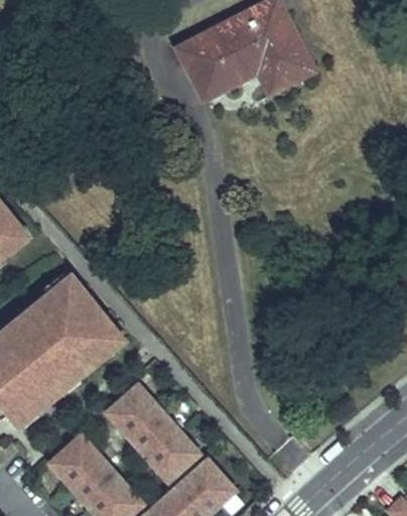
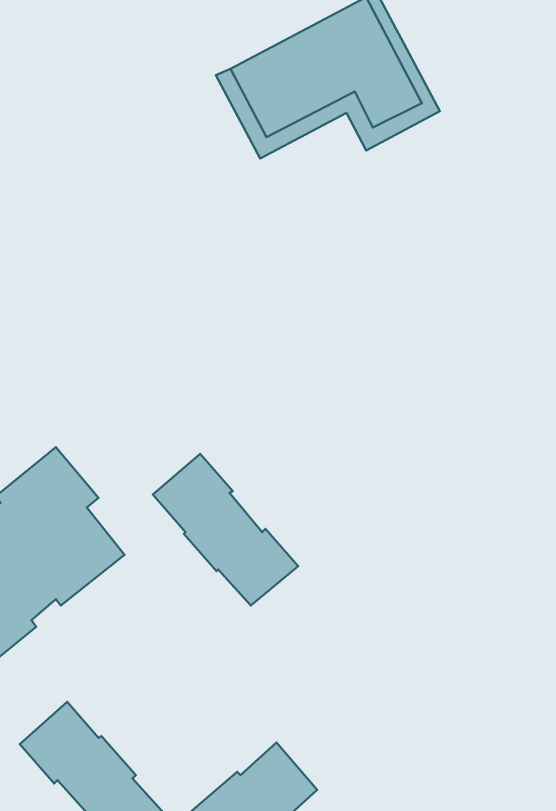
building: [112,384,201,478] -> [153,454,298,605]

